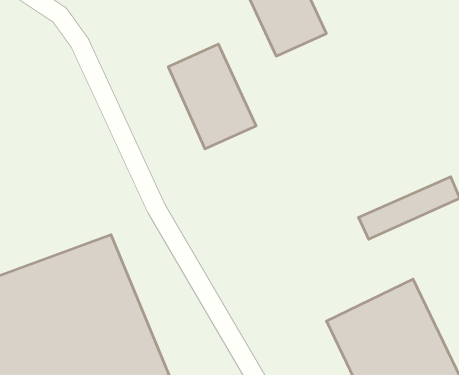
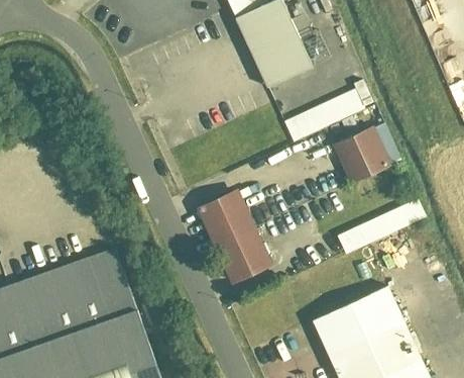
building: [168,44,256,149] -> [198,194,275,287]
building: none -> [284,81,378,140]
building: none -> [328,129,388,188]

